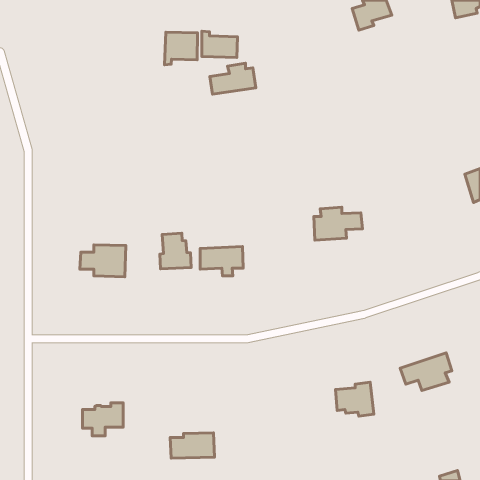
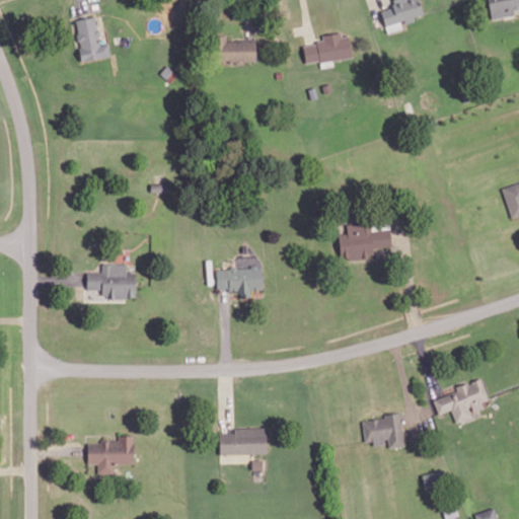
building: none -> [74,17,110,62]
building: [164,32,197,65] -> none
building: [210,63,256,94] -> [302,31,352,65]
building: [160,233,191,269] -> none
building: [170,433,214,458] -> [219,428,267,455]

